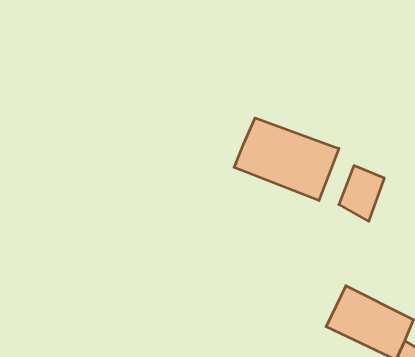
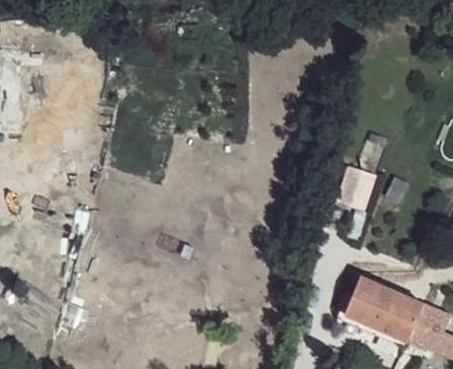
building: [234,118,339,201] -> none

